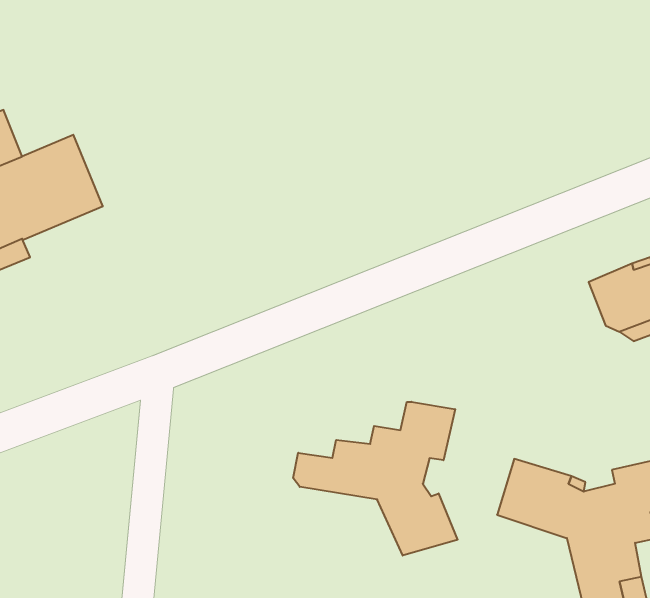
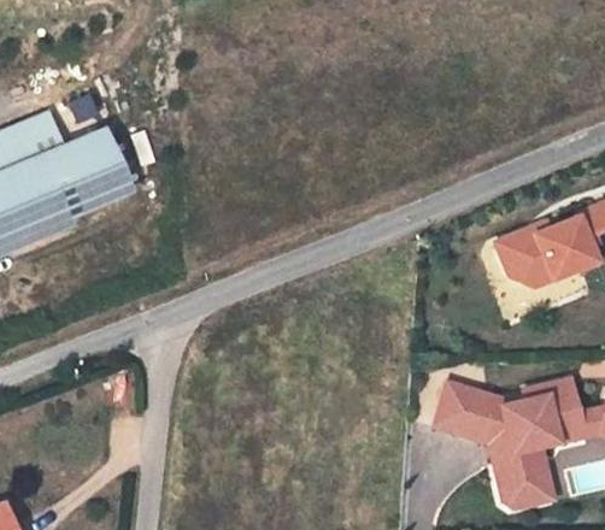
building: [293,402,458,556] -> none

